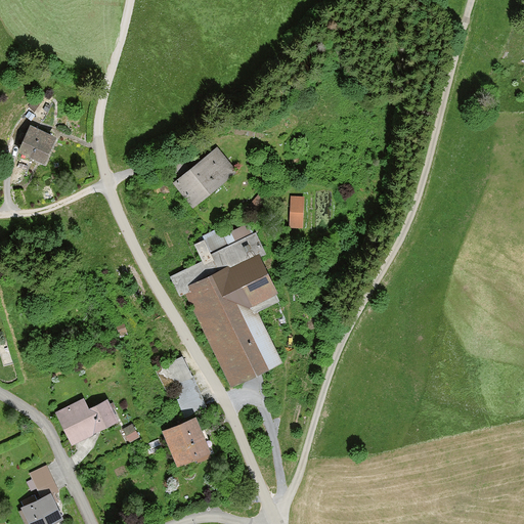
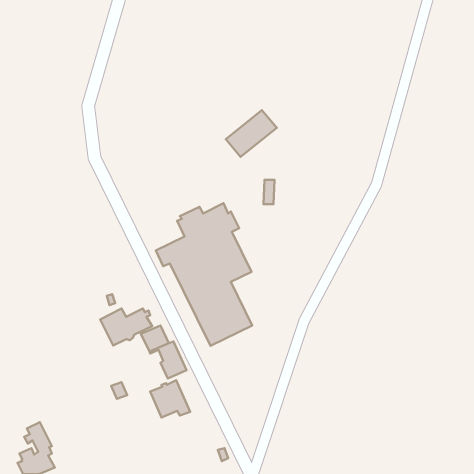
building: [19,127,53,161] -> none
building: [177,151,233,203] -> [226,110,277,157]
building: [59,400,117,441] -> [100,309,152,346]

